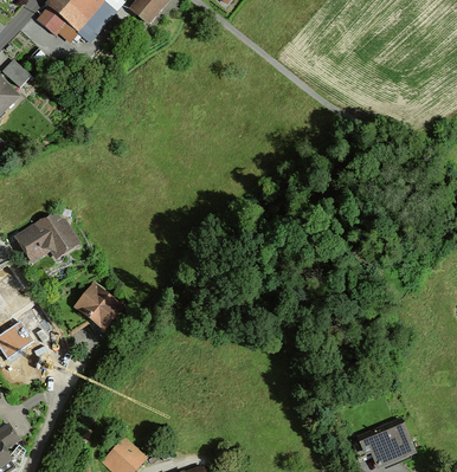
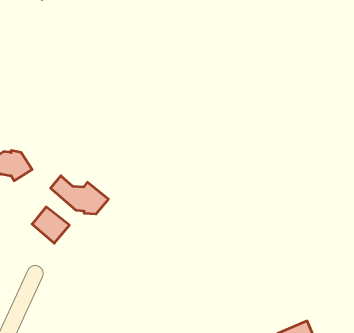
building: none -> [51,176,108,214]

